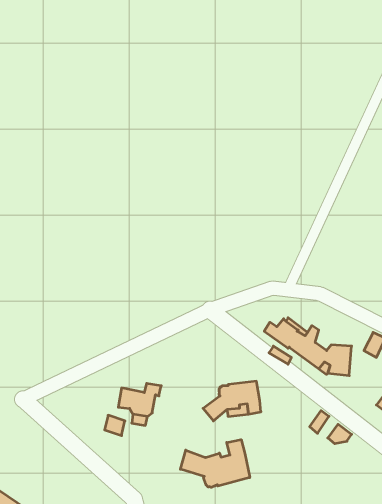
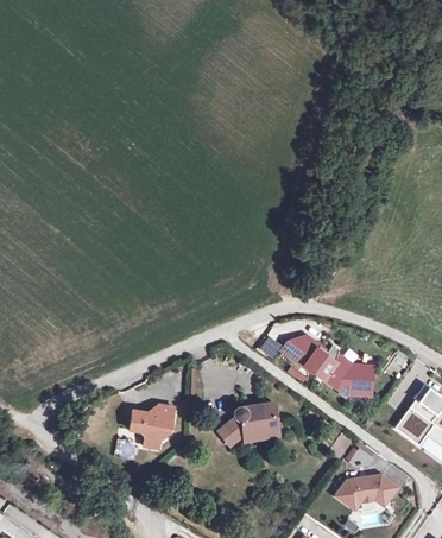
building: [180,440,250,487] -> none
building: none -> [335,475,397,509]

